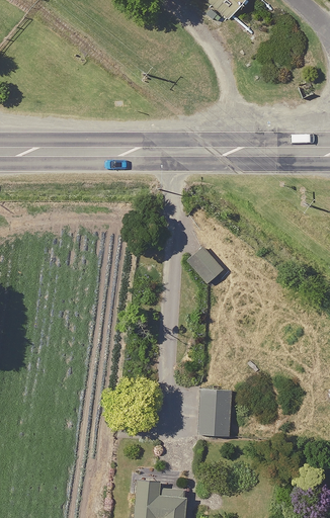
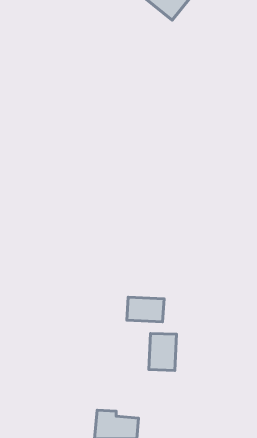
building: [183,242,227,285] -> none
building: none -> [127,297,164,322]

